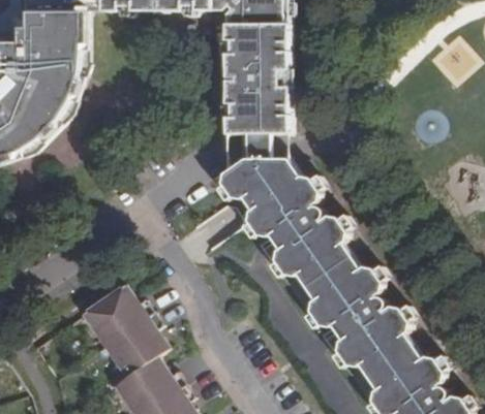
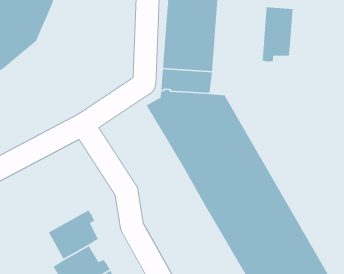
building: none -> [262,6,294,62]
building: [83,286,152,346] -> none

